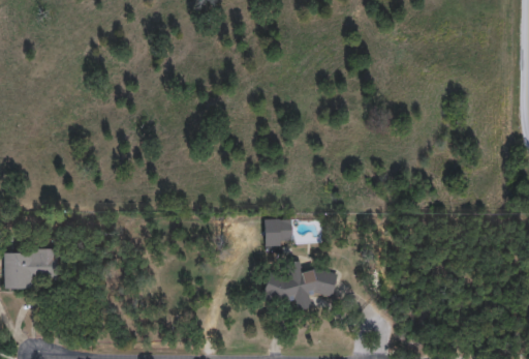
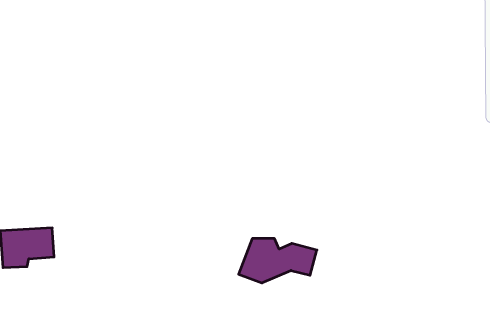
building: [263,219,292,247] -> none

